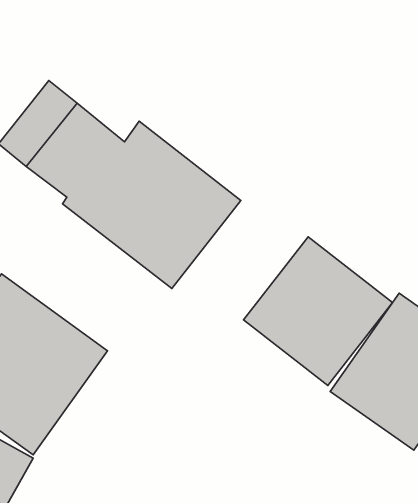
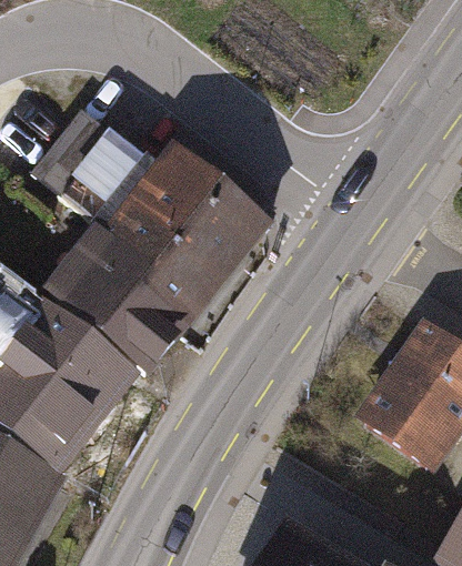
building: none -> [43,224,202,374]
building: [244,237,392,386] -> none

